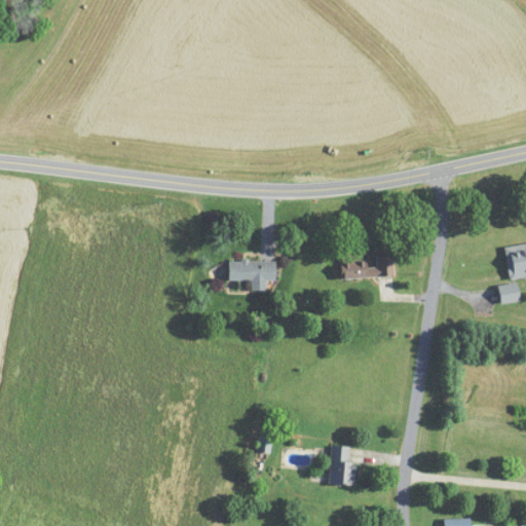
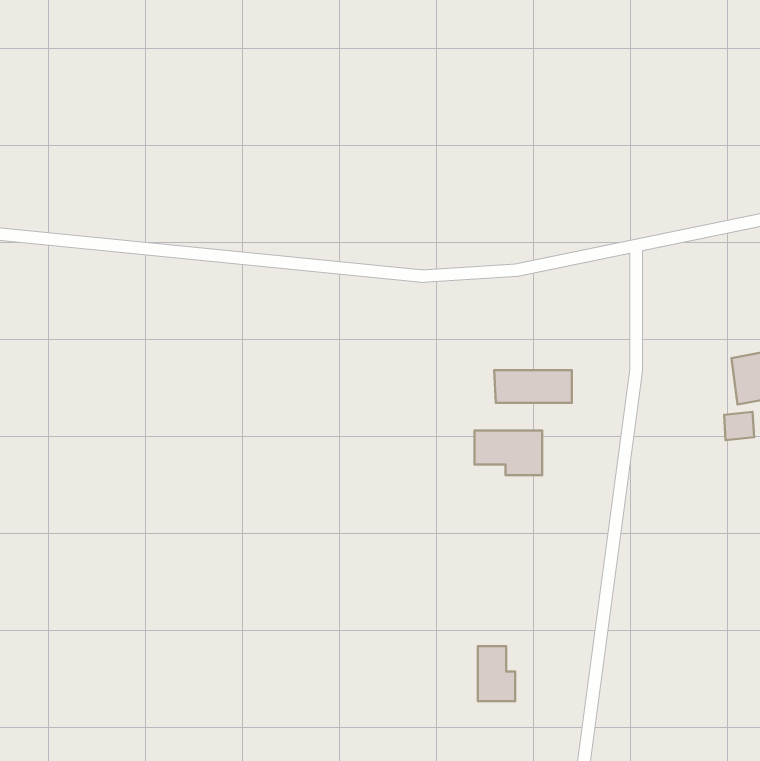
building: [230,261,277,281] -> none
building: none -> [474,430,542,475]

